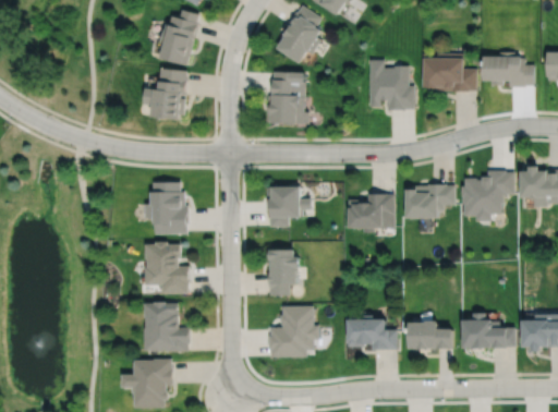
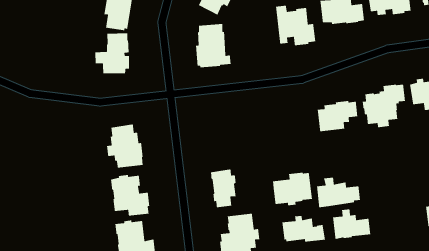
building: [266,187,310,228] -> none
building: [347,194,393,233] -> [272,172,313,206]
building: [462,315,514,351] -> [316,177,361,208]

